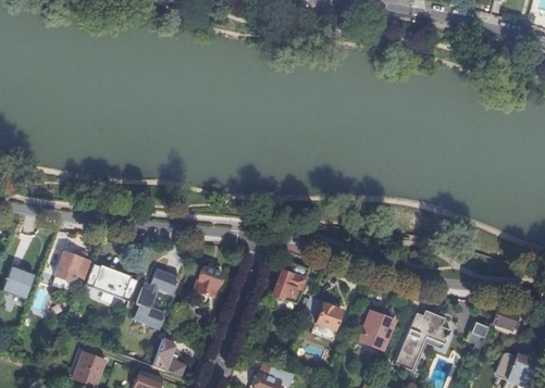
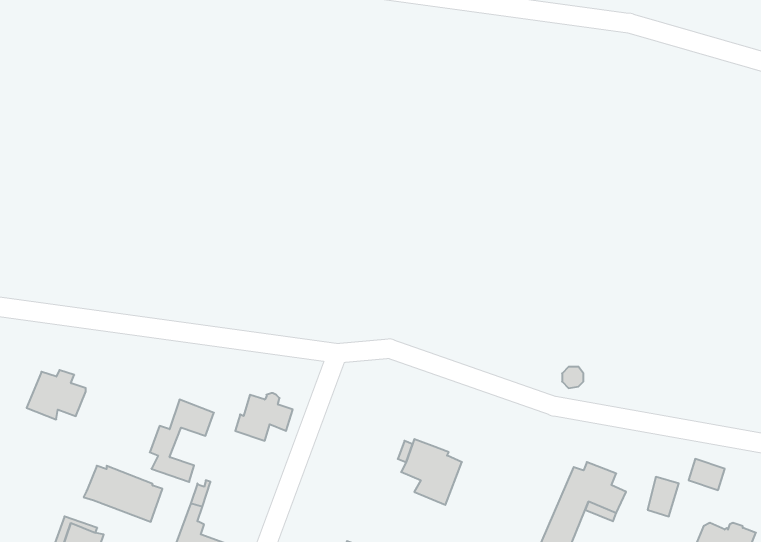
building: [272,263,308,303] -> none
building: [85,264,137,301] -> [84,466,162,522]
building: [355,311,394,349] -> none

